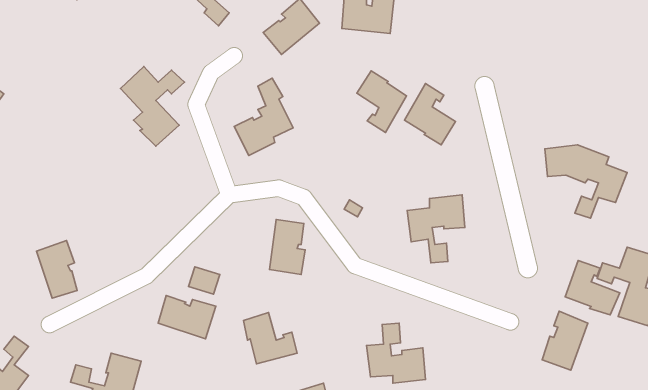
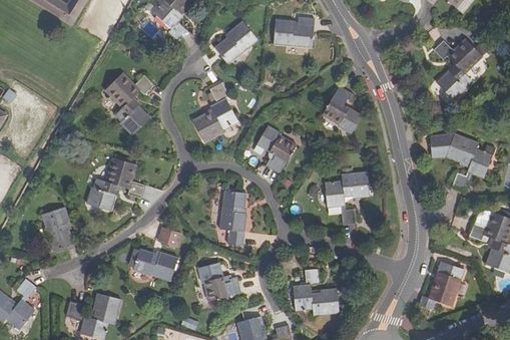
building: none -> [433,37,487,99]
building: [357,71,406,133] -> [257,125,295,173]
building: none -> [86,156,144,210]
building: [565,260,620,315] -> none

